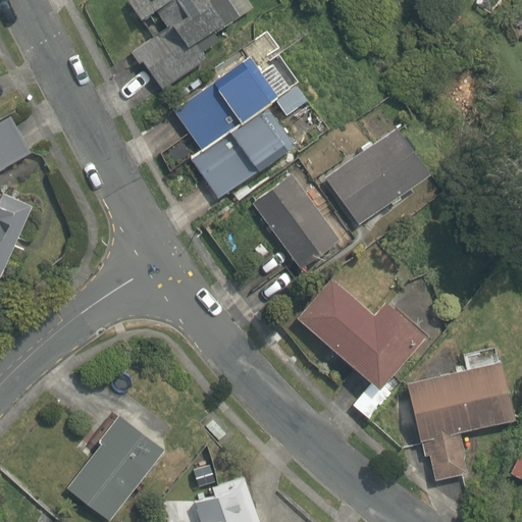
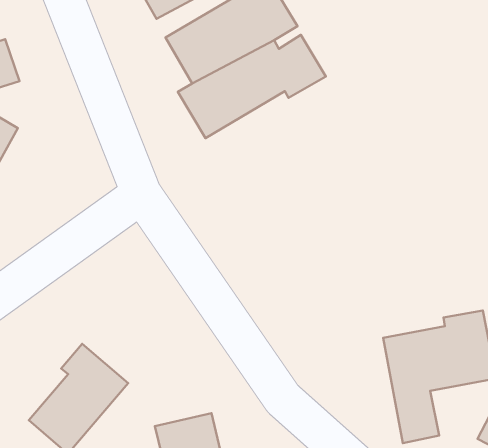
building: [325,127,426,221] -> none
building: [250,173,338,273] -> none
building: [297,278,422,422] -> none

